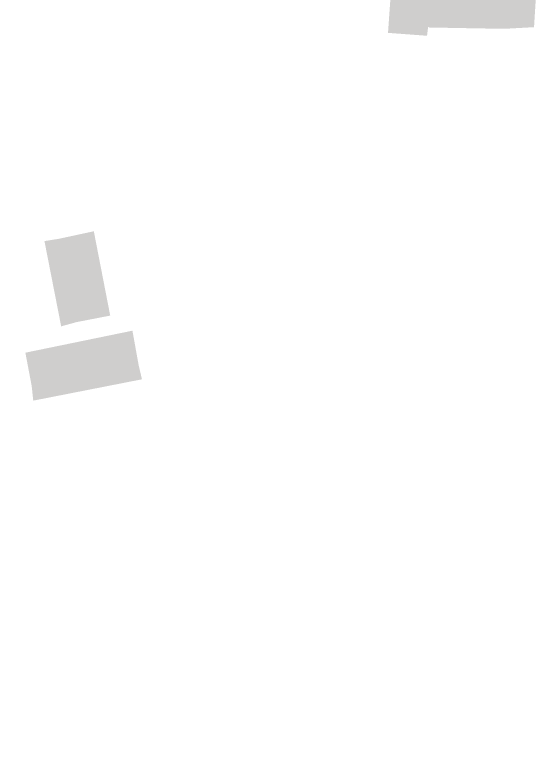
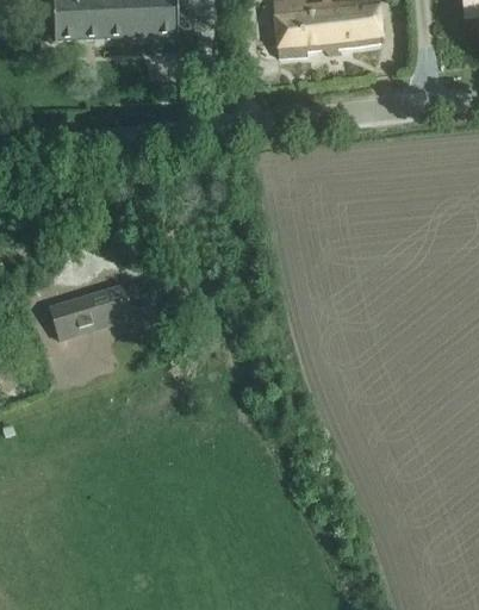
building: [44,230,111,327] -> none

